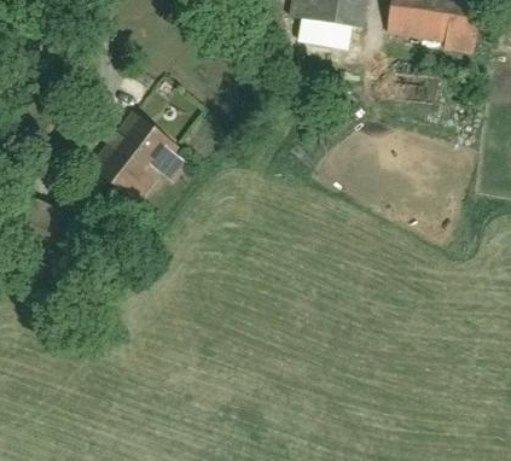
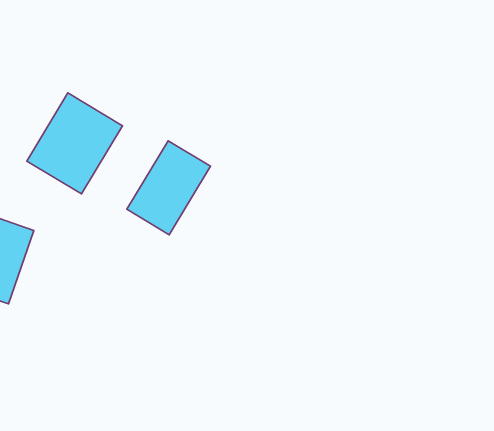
building: none -> [127,141,210,235]

